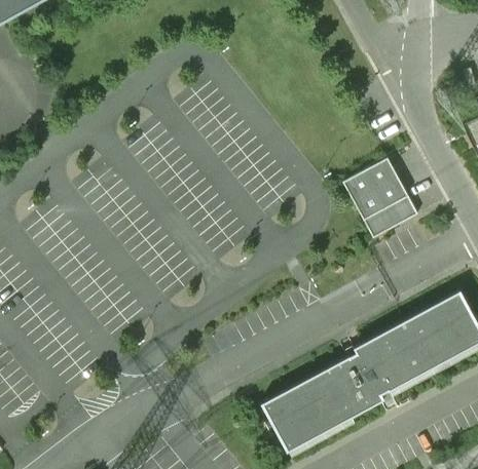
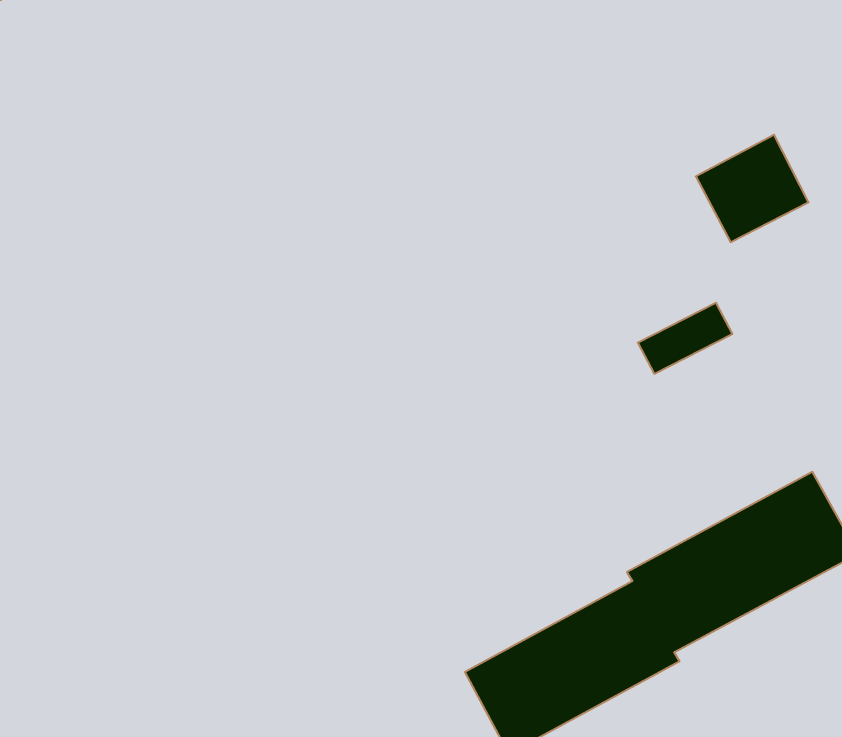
building: [342,158,406,219] -> [696,135,809,242]

